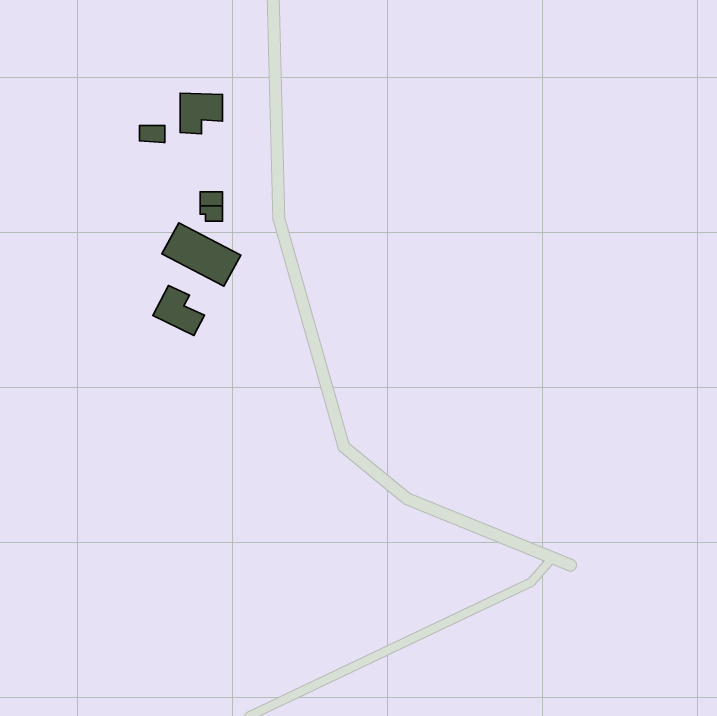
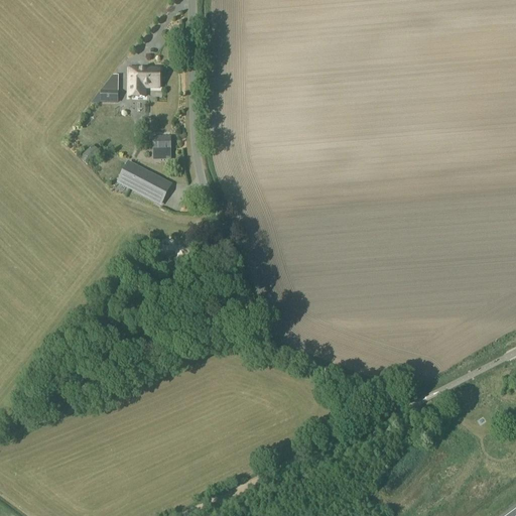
building: [153,286,205,336] -> none

